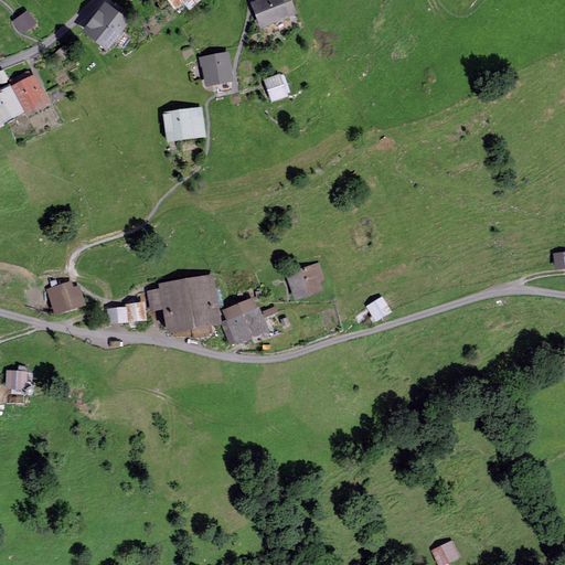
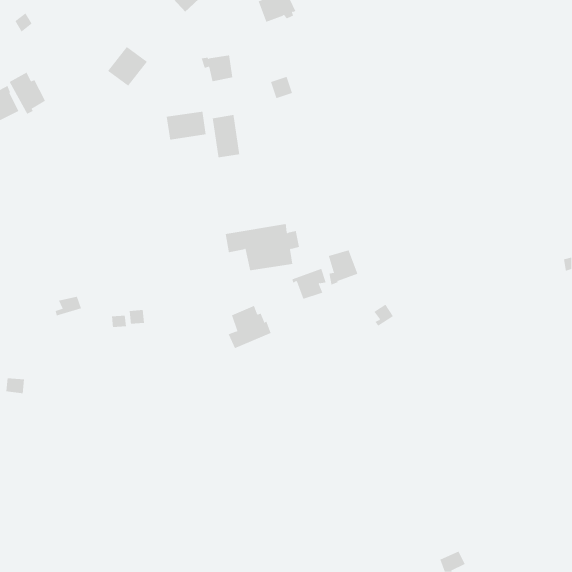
building: [85,6,125,45] -> [107,46,148,86]
building: none -> [212,114,240,158]
building: none -> [328,249,358,285]
building: [147,280,221,327] -> [225,224,300,271]

